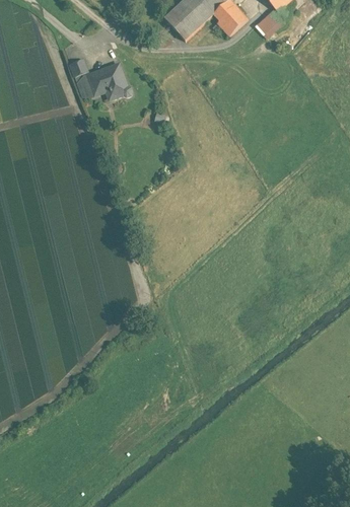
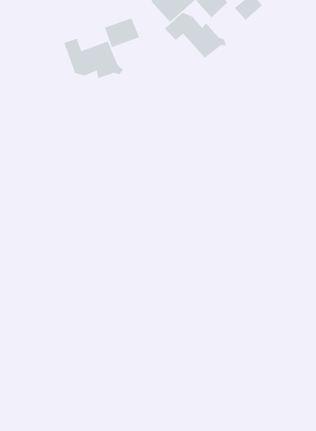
building: none -> [164,12,227,58]
building: none -> [104,18,140,48]

